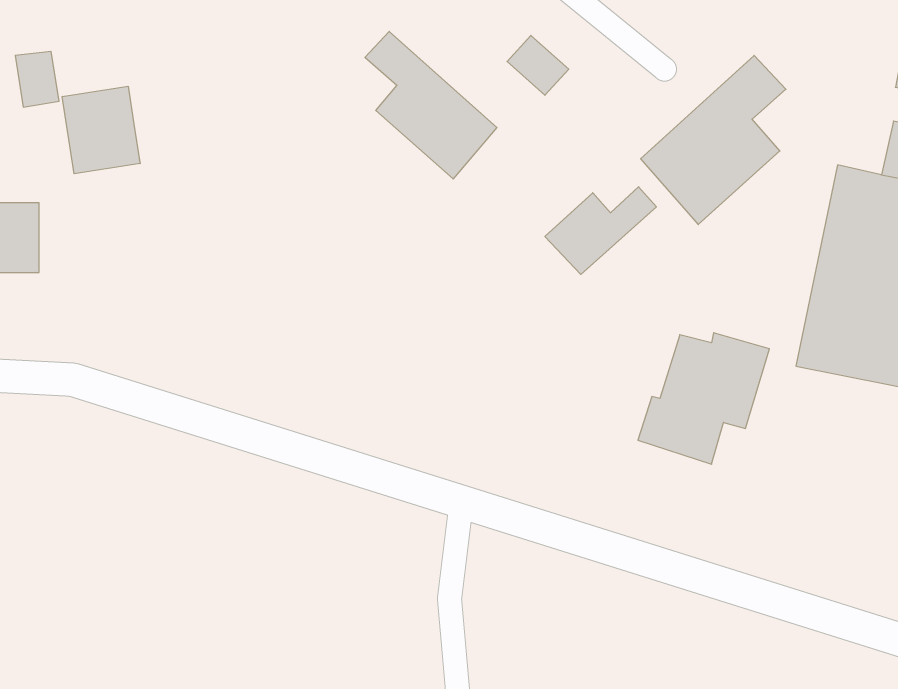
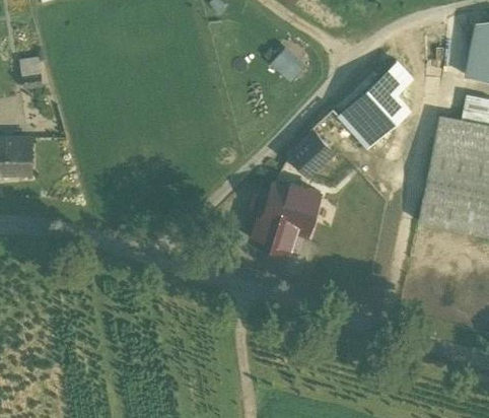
building: [365,31,497,179] -> none
building: [62,86,140,174] -> none
building: [638,333,769,464] -> [252,184,319,251]

